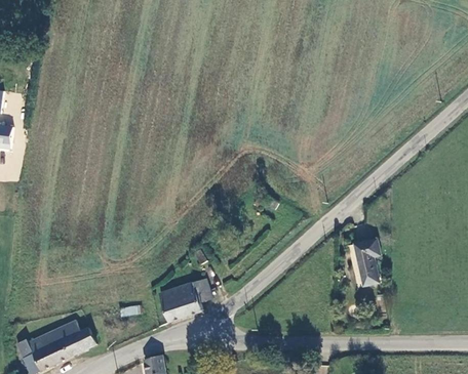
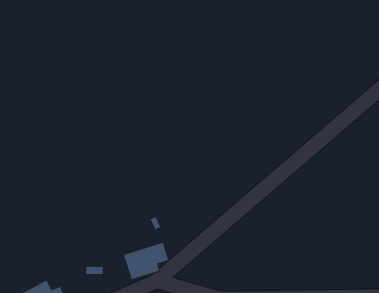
building: [352,239,380,286] -> none

